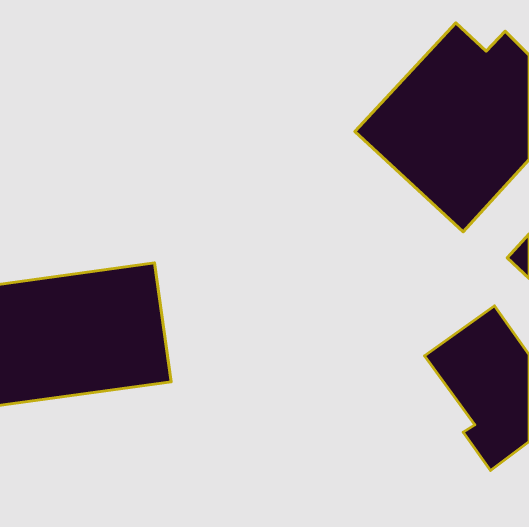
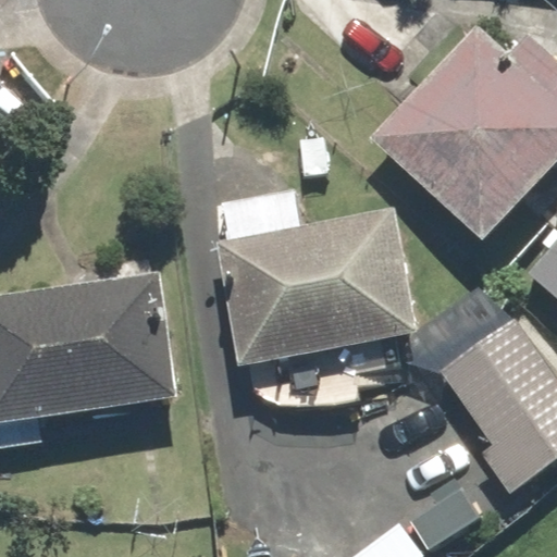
building: none -> [215,208,420,368]

